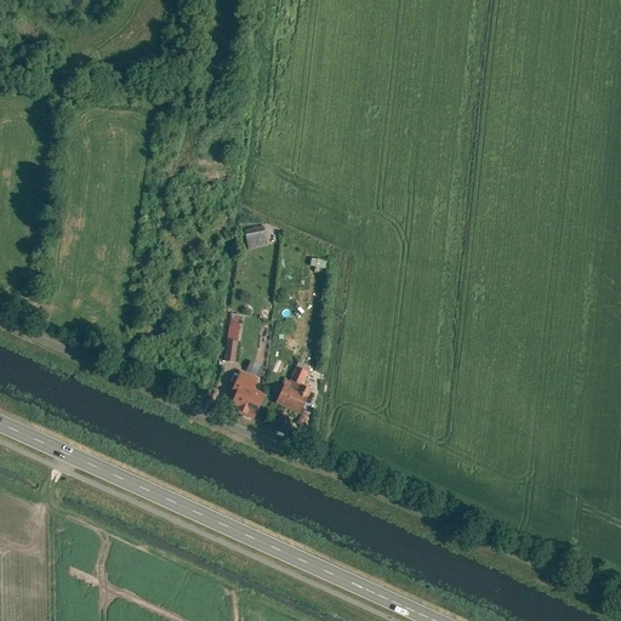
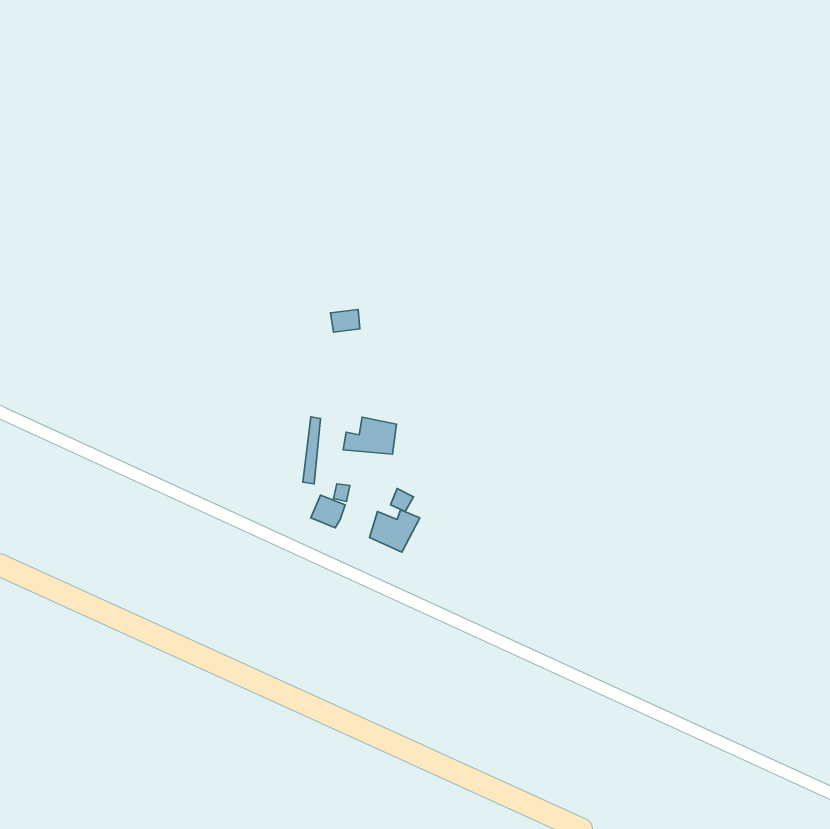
building: none -> [343,417,396,454]
building: [229,387,267,418] -> none

